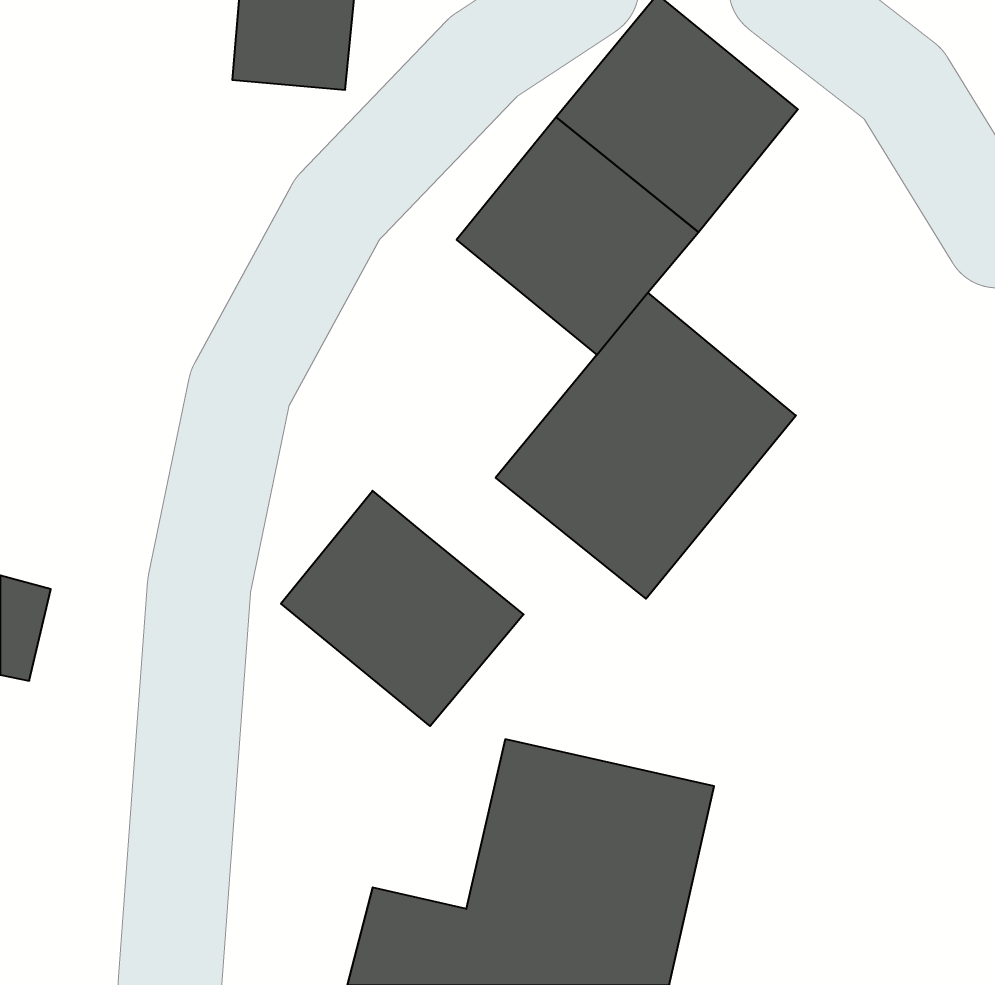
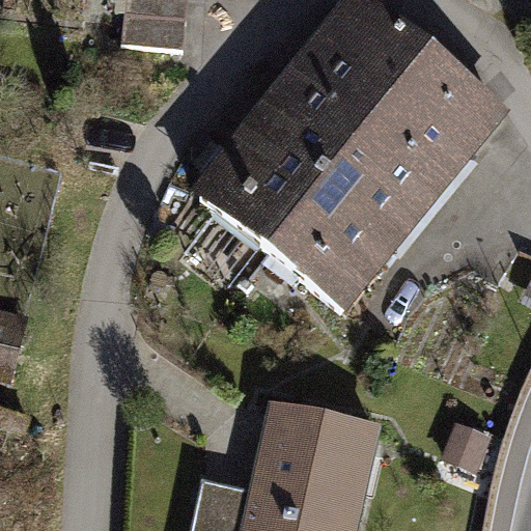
building: none -> [345,58,505,221]
building: none -> [190,128,318,254]
building: [281,491,524,726] -> none

